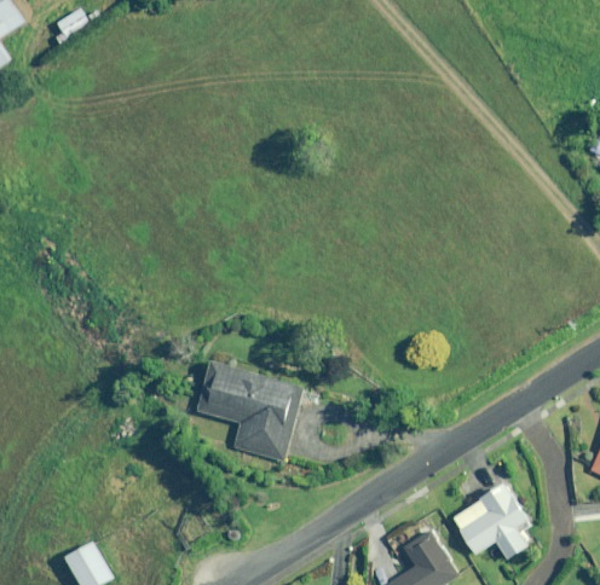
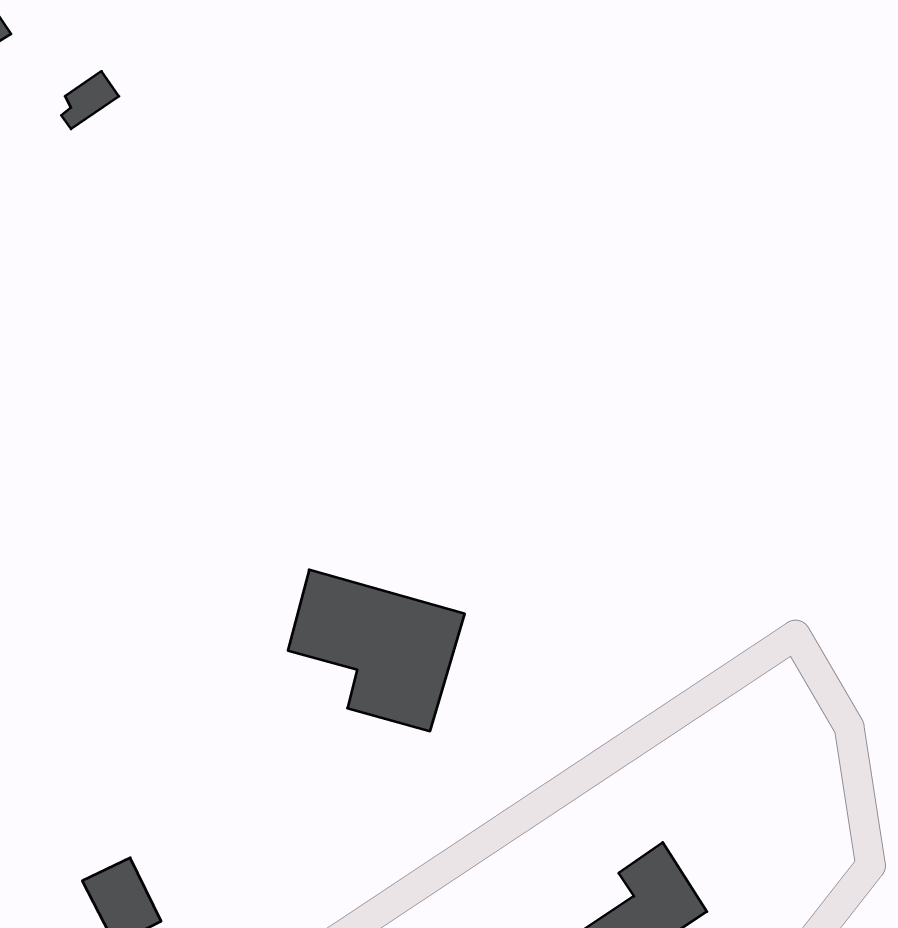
building: [53,7,90,44] -> [61,71,119,129]
building: [452,483,531,558] -> none

